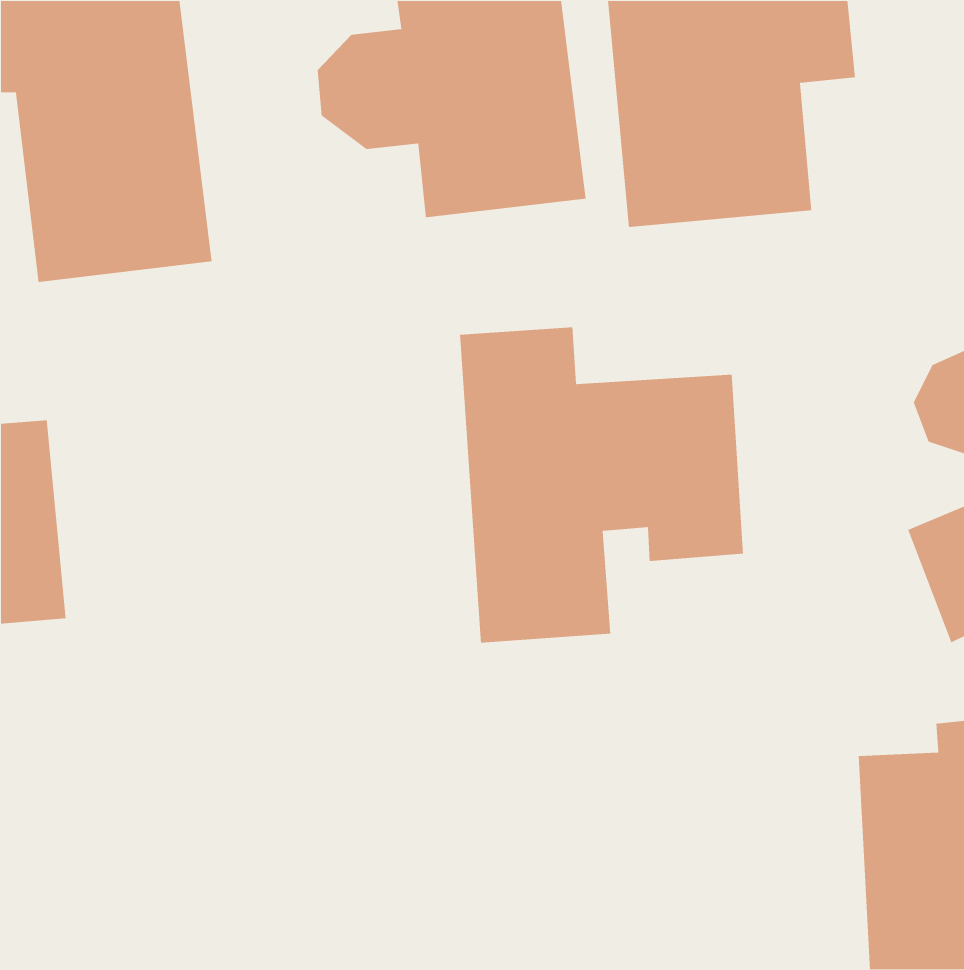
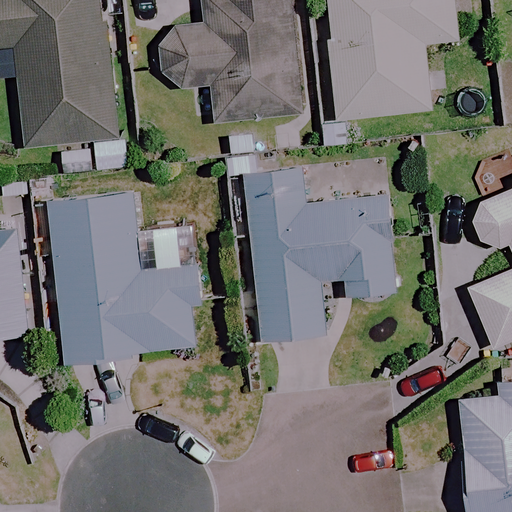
building: none -> [45,193,200,362]

